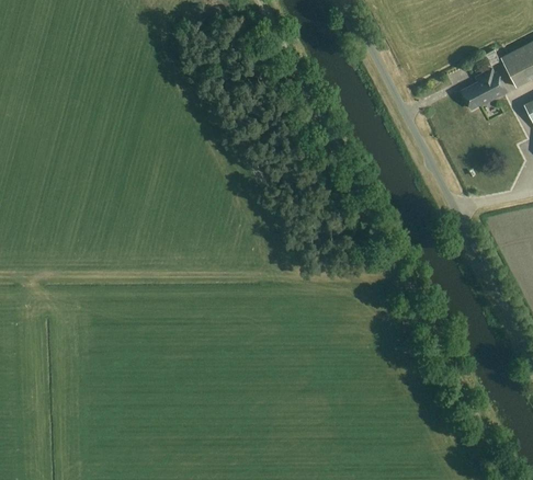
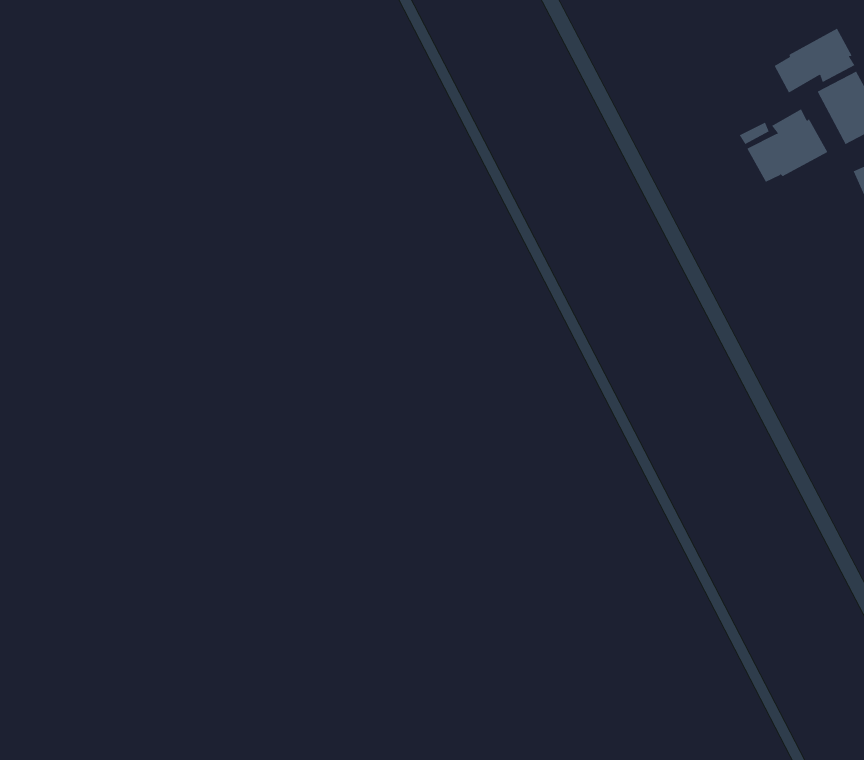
building: none -> [774,28,855,94]

